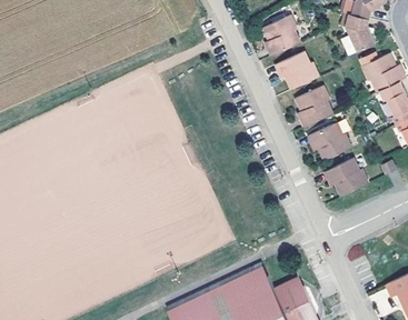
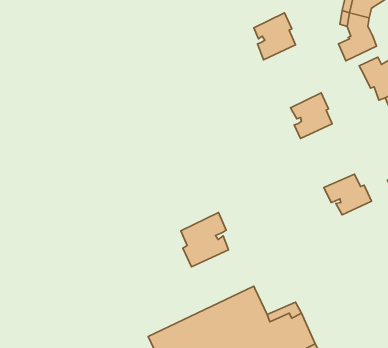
building: [276,51,319,90] -> none
building: [309,122,352,160] -> none
building: none -> [181,212,228,267]

